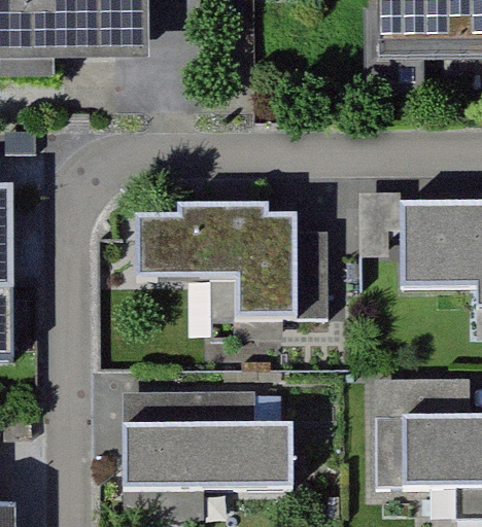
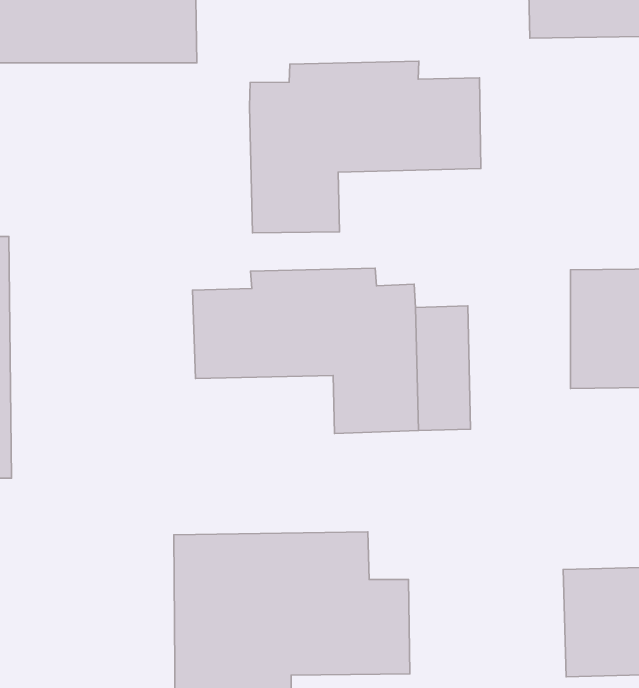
building: none -> [250,61,481,233]

